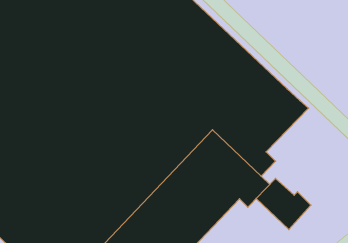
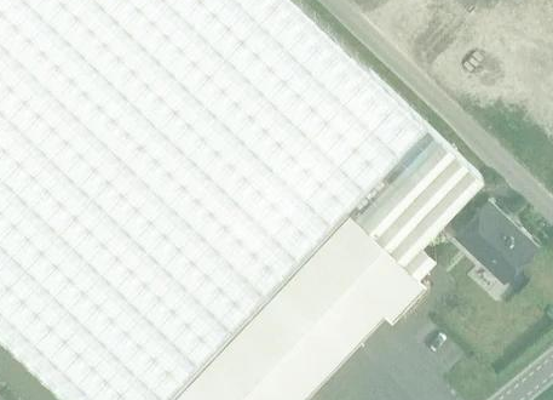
building: [256,178,311,230] -> [455,210,534,284]

